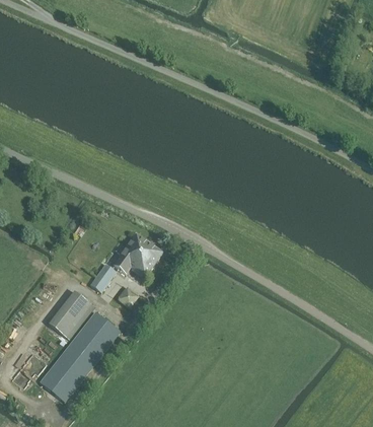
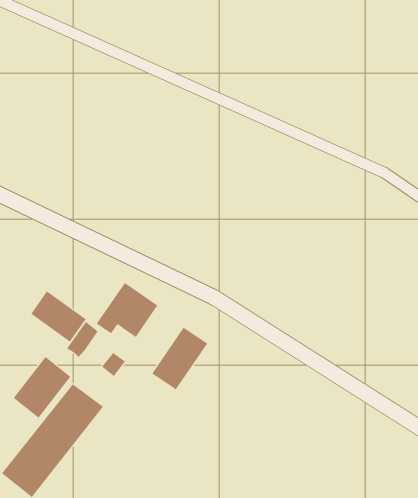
building: none -> [30,290,86,343]
building: none -> [151,327,208,390]

